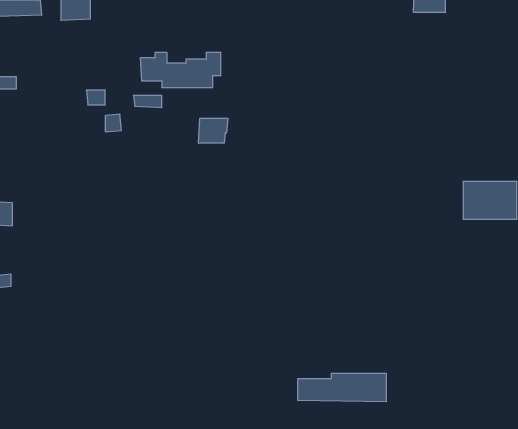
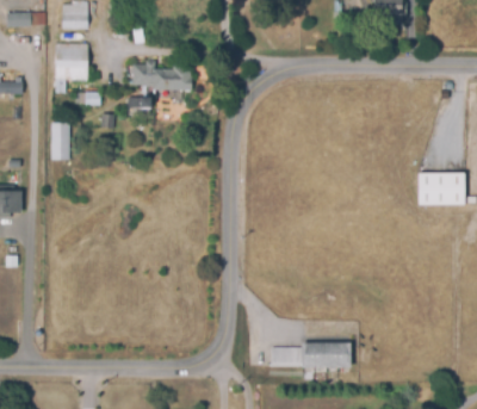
building: none -> [56,44,87,92]
building: [199,118,228,143] -> none
building: none -> [51,122,69,159]

